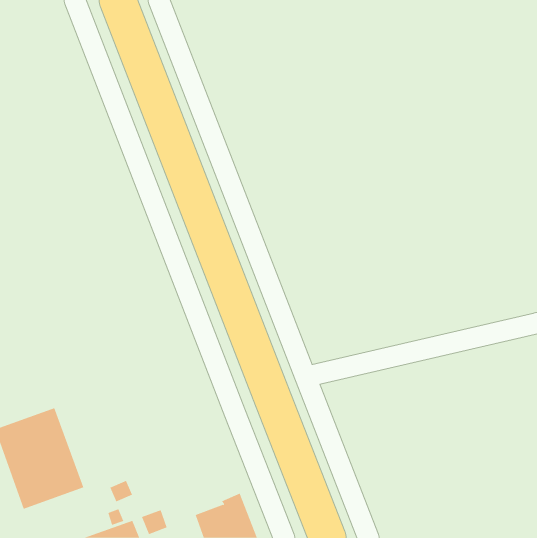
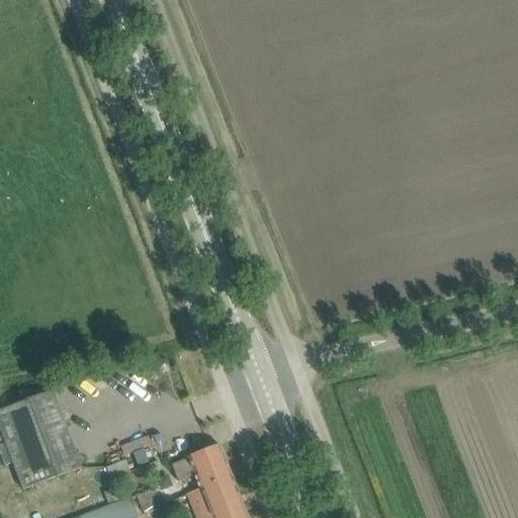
building: none -> [170,446,231,495]

